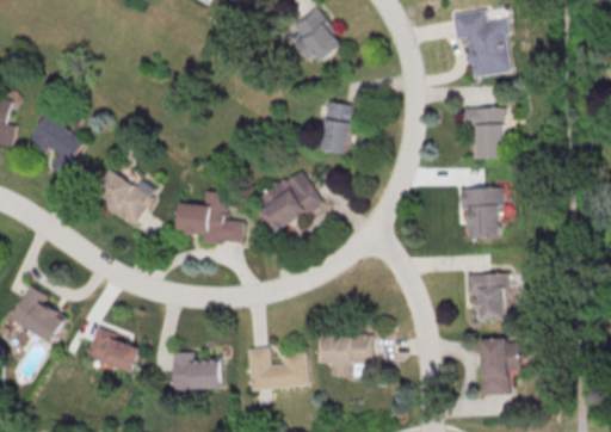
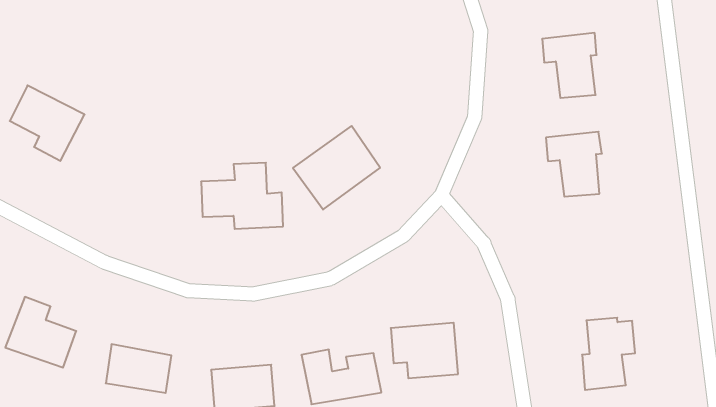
building: [323,101,354,154] -> none
building: [93,165,156,226] -> none
building: [464,273,507,323] -> none

